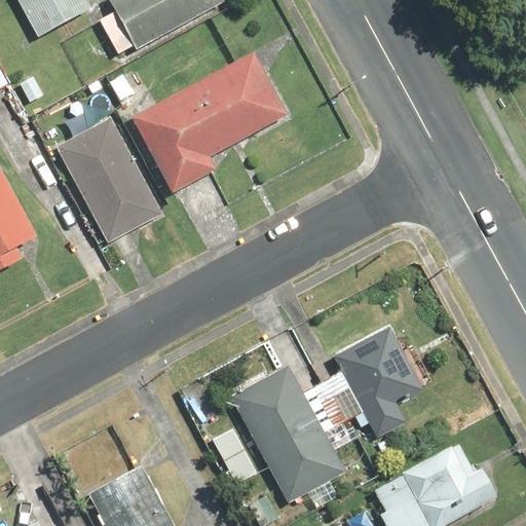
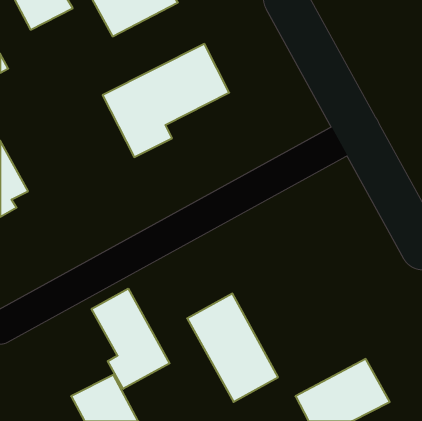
building: [53,117,162,243] -> none
building: [330,325,419,440] -> none
building: none -> [92,289,170,389]

